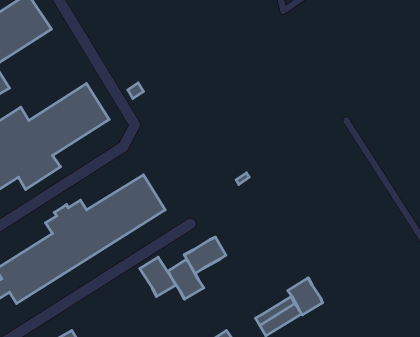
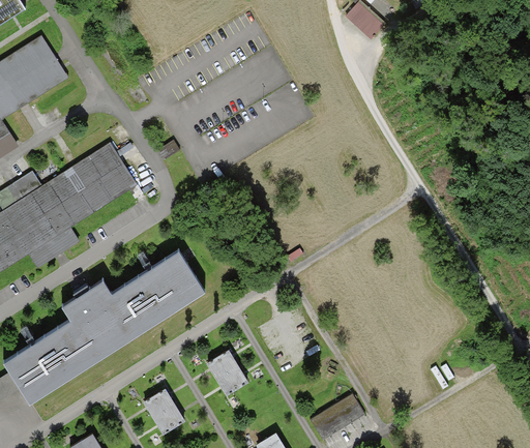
building: [184,237,226,273] -> none
building: [140,257,176,296] -> [143,389,185,436]
building: [288,278,323,315] -> none

